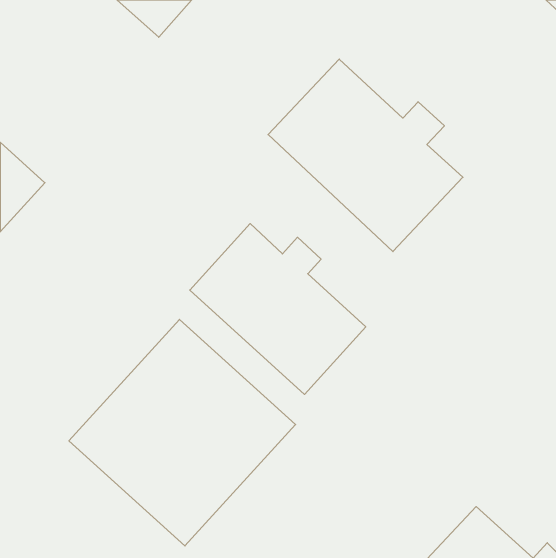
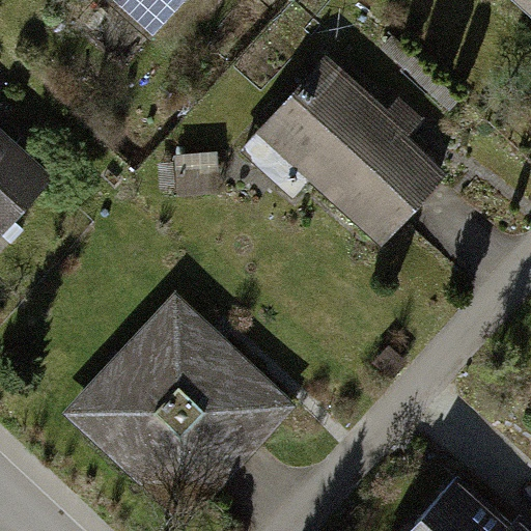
building: [190,224,366,394] -> none

